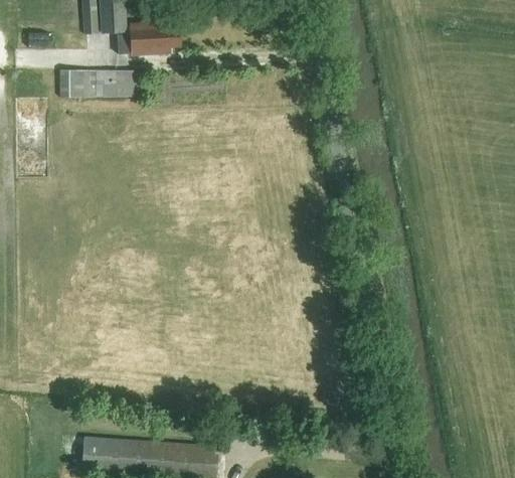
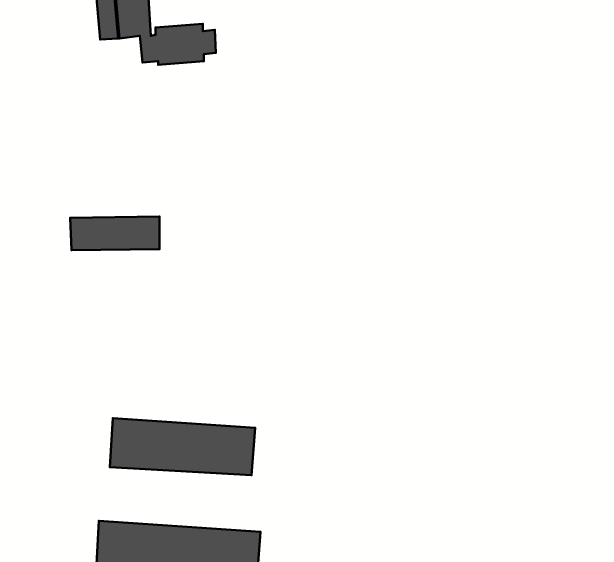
building: [59,69,134,98] -> [70,217,159,250]
building: none -> [110,418,255,475]

